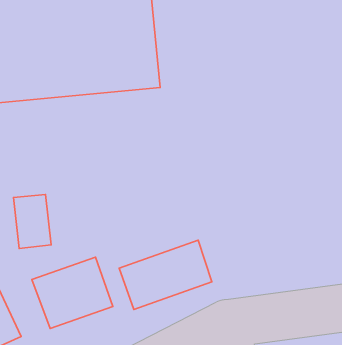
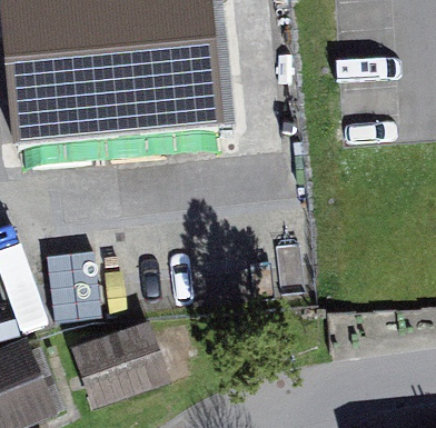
building: [119,240,212,309] -> none

